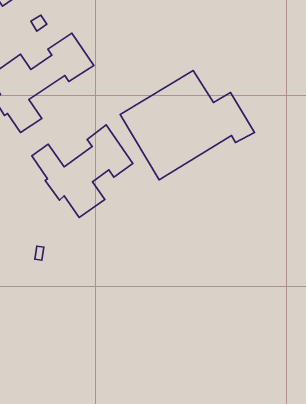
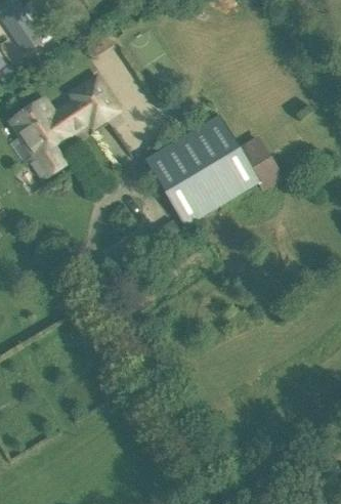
building: [32,125,133,217] -> none

